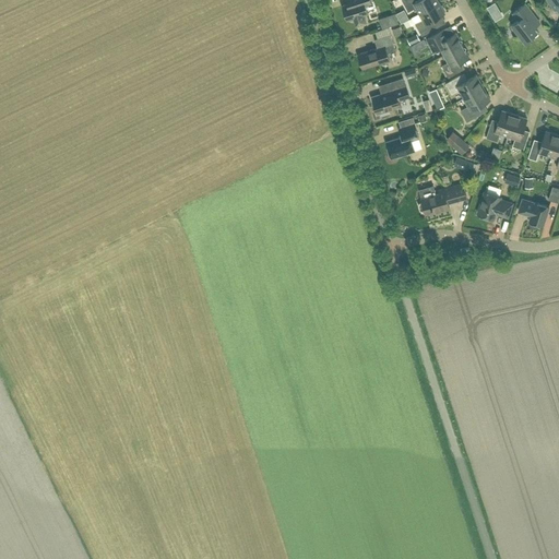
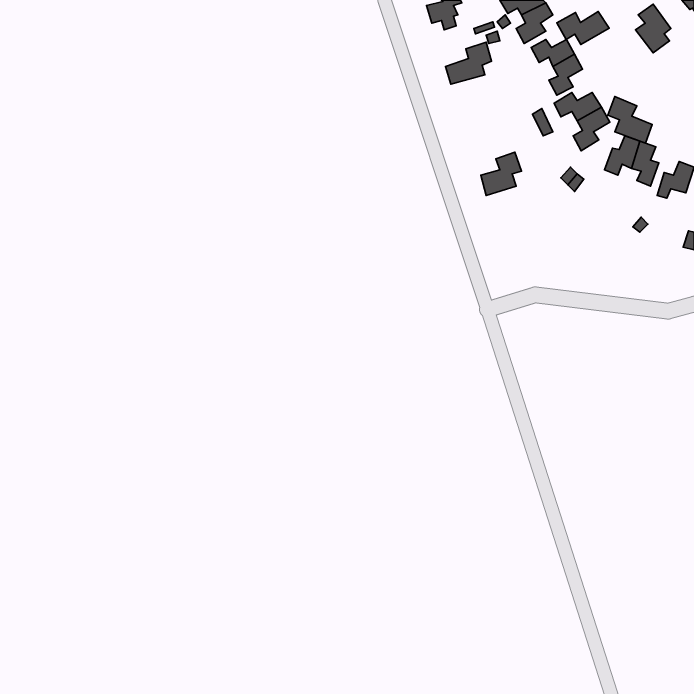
building: none -> [557,11,609,45]
building: [372,78,409,112] -> none
building: none -> [608,96,652,143]
building: [419,182,467,213] -> none
building: [478,191,512,218] -> none
building: [519,199,549,225] -> none

